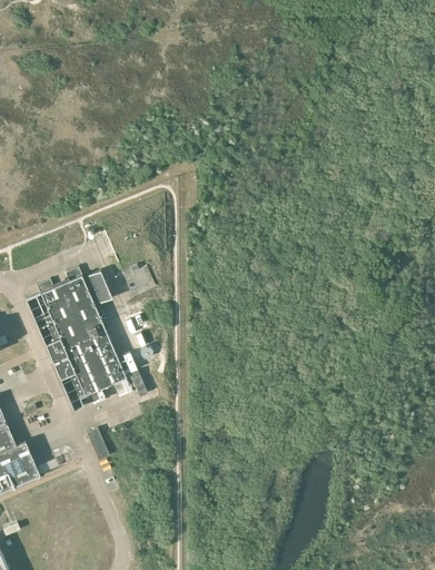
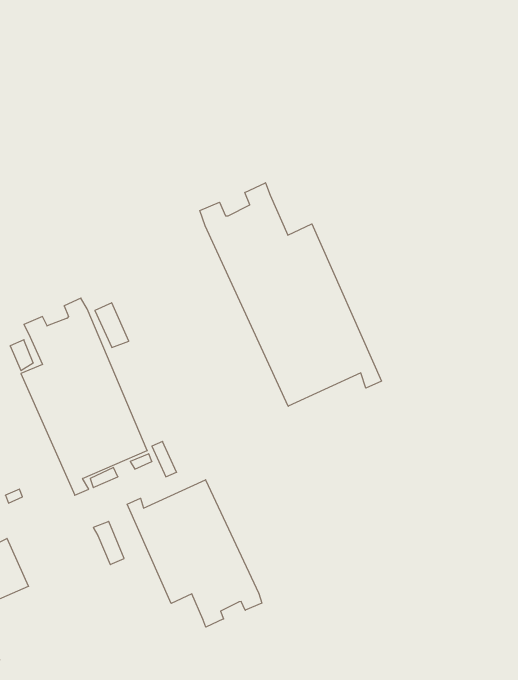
building: none -> [200,183,382,406]
building: none -> [127,480,262,627]

